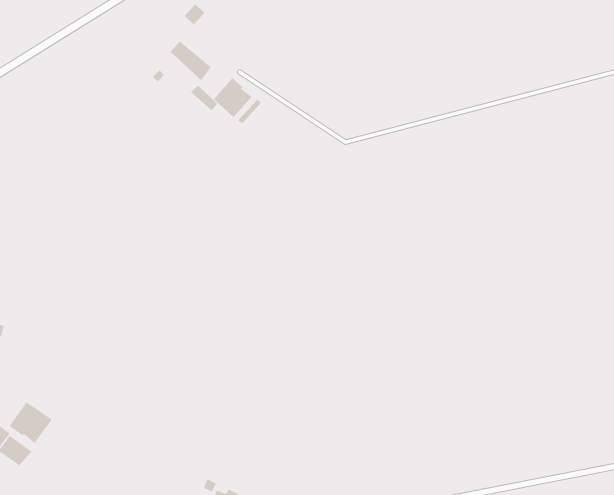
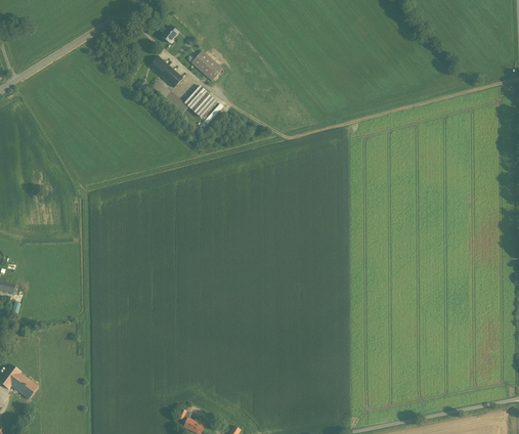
building: none -> [191,50,222,80]
building: [9,401,53,444] -> none

